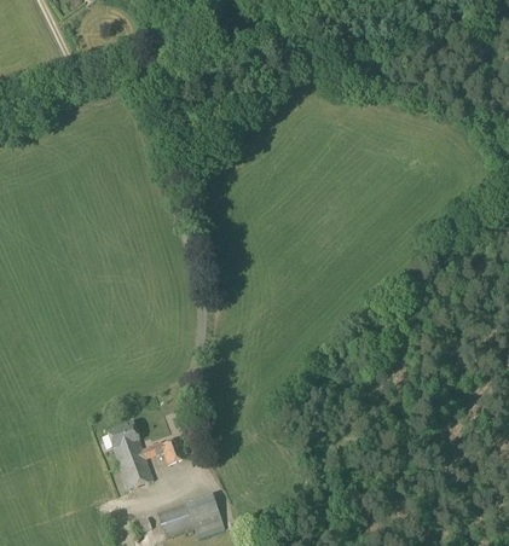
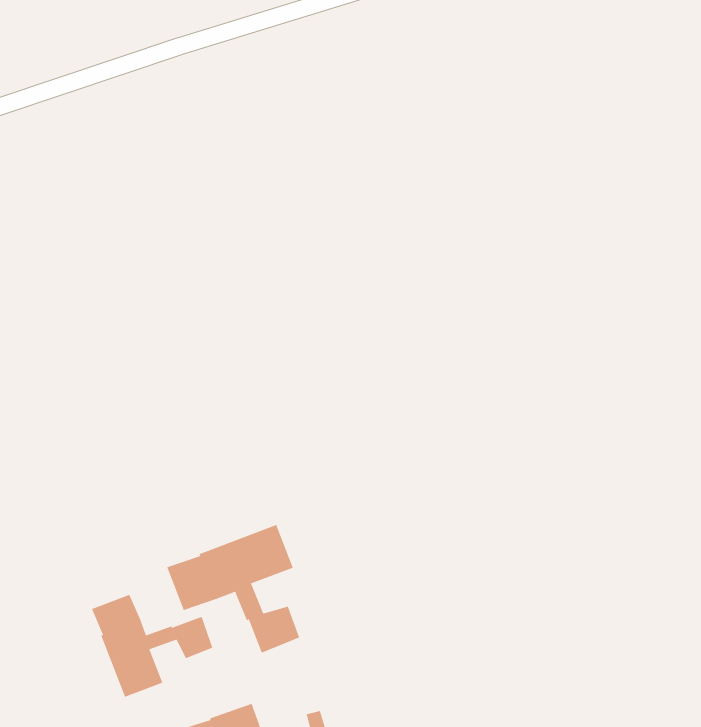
building: none -> [167,524,300,653]

